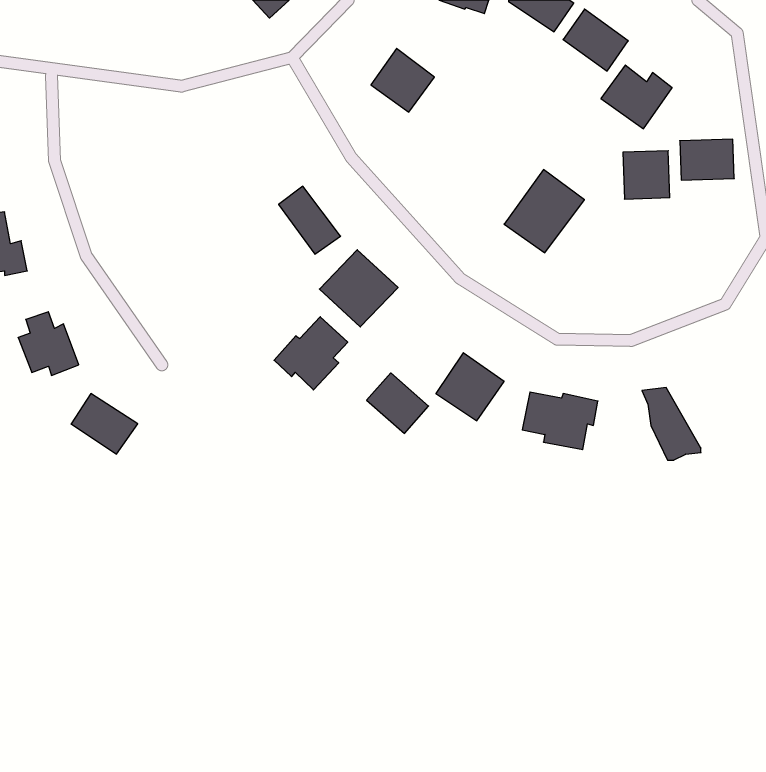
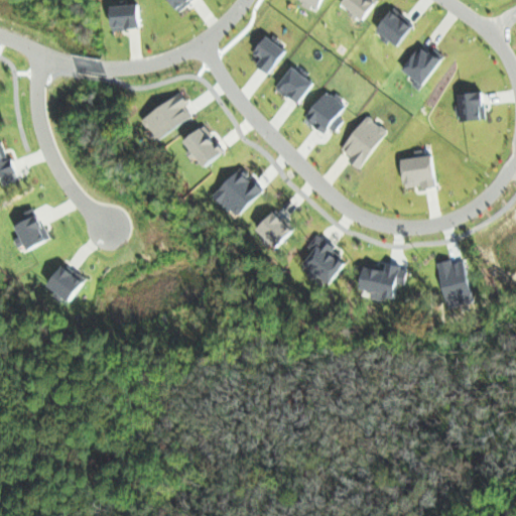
building: none -> [112,5,144,29]
building: none -> [272,64,316,107]
building: none -> [301,90,349,133]
building: none -> [143,95,194,142]
building: [623,151,670,199] -> [391,155,422,187]
building: [274,317,348,390] -> none
building: [367,373,429,433] -> [256,208,297,248]

